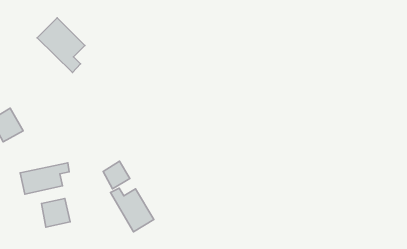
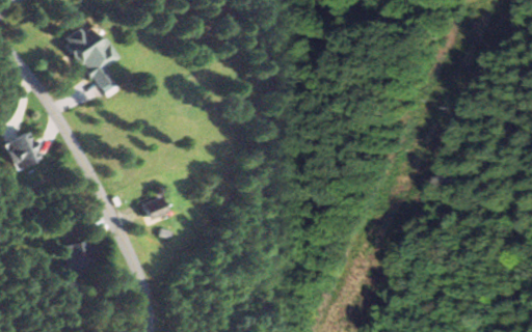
building: [20,163,69,194] -> none
building: [111,188,154,232] -> none

